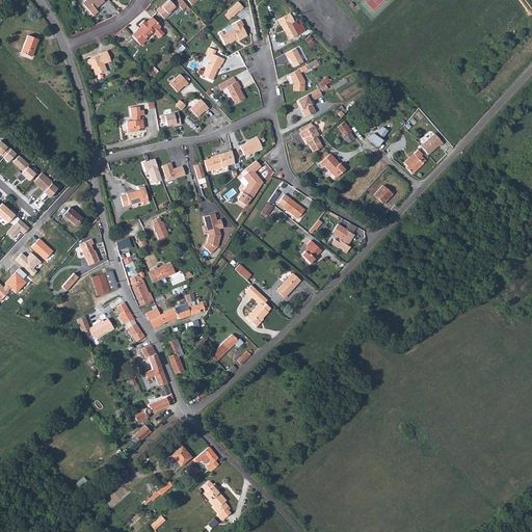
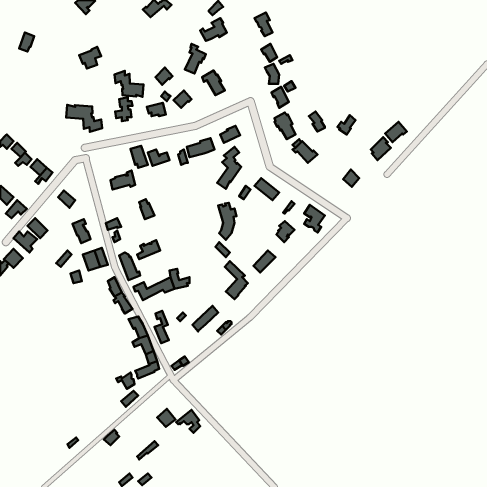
building: [132,17,164,44] -> none
building: none -> [115,71,144,97]
building: none -> [66,105,102,132]
building: [203,213,222,254] -> [218,203,236,240]
building: [76,316,114,339] -> none
building: [202,482,231,521] -> none

